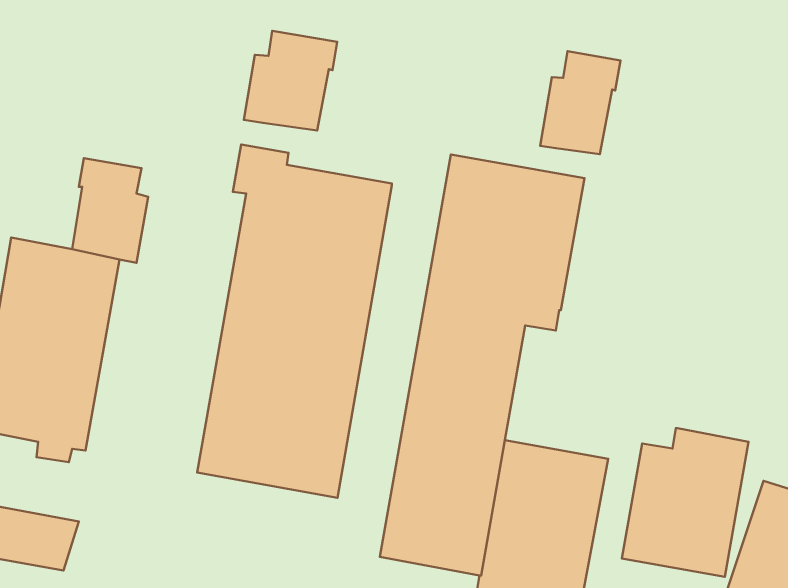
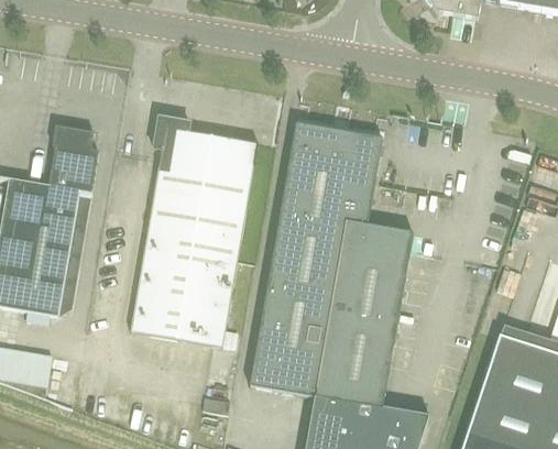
building: [244,31,337,130] -> none
building: [540,51,620,154] -> none
building: [622,428,749,577] -> [331,223,414,320]

